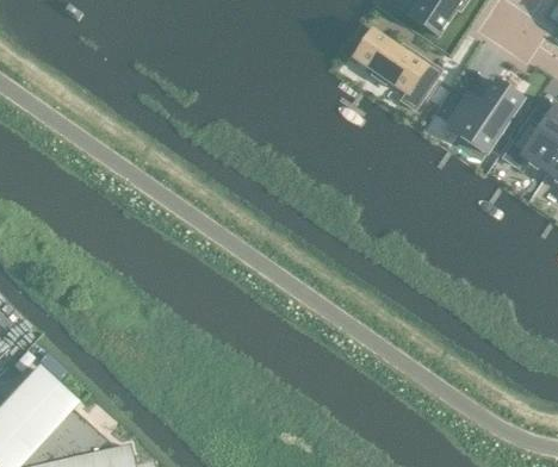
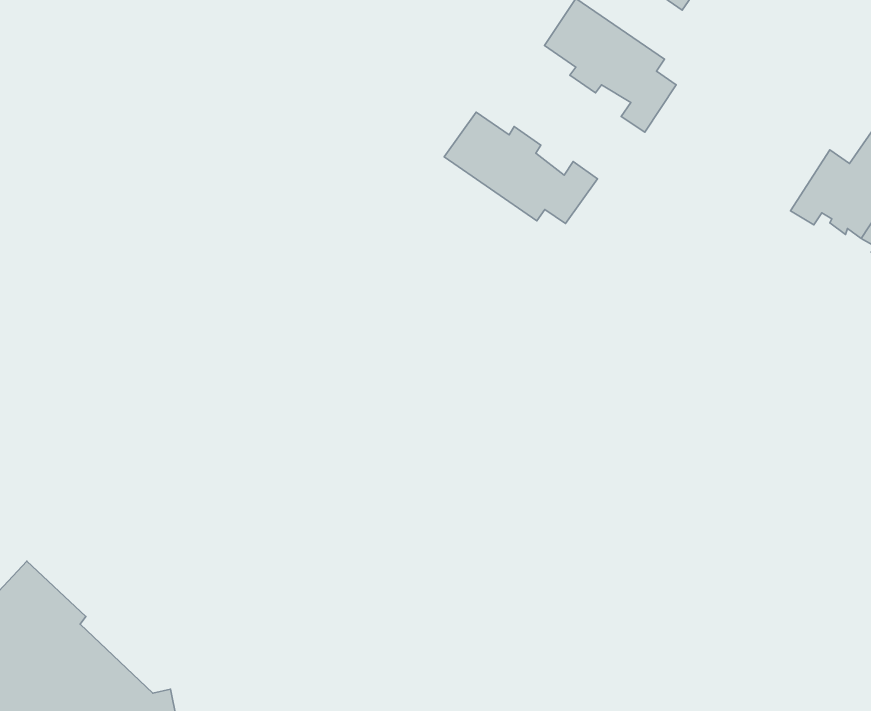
building: [447,79,522,151] -> none
building: none -> [444,112,597,224]

